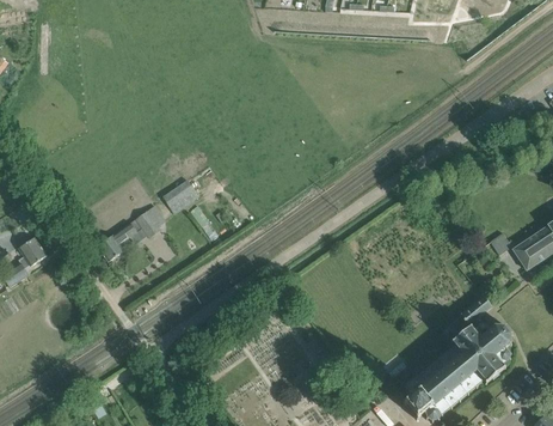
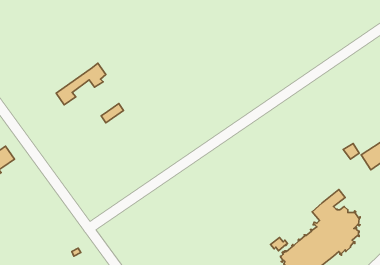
building: [98,206,165,262] -> [56,63,106,105]

